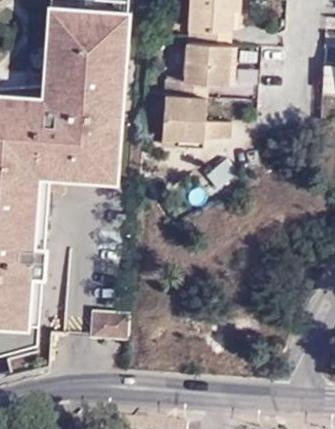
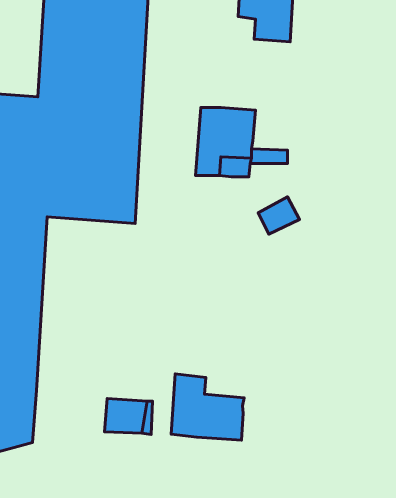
building: [178,44,230,98] -> none
building: none -> [171,374,244,440]

